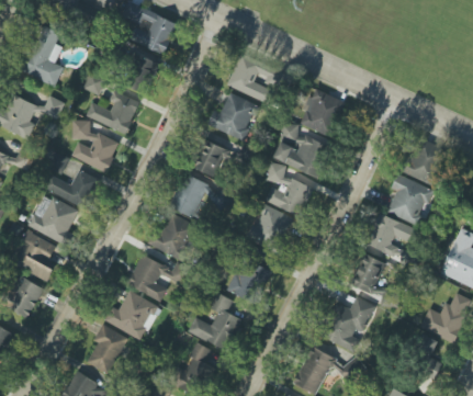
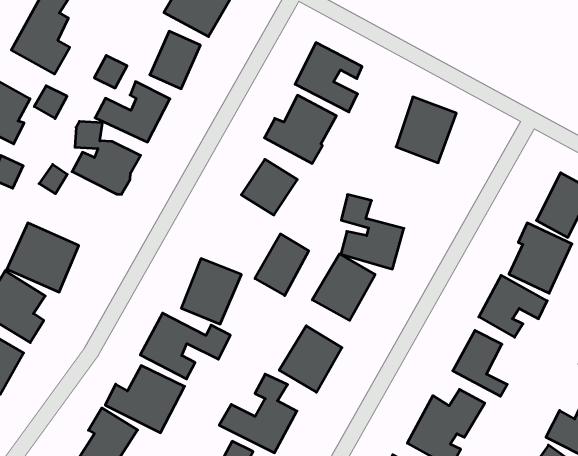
building: [272,121,329,176] -> none
building: [46,168,98,208] -> none
building: [170,173,207,217] -> [255,234,309,296]

